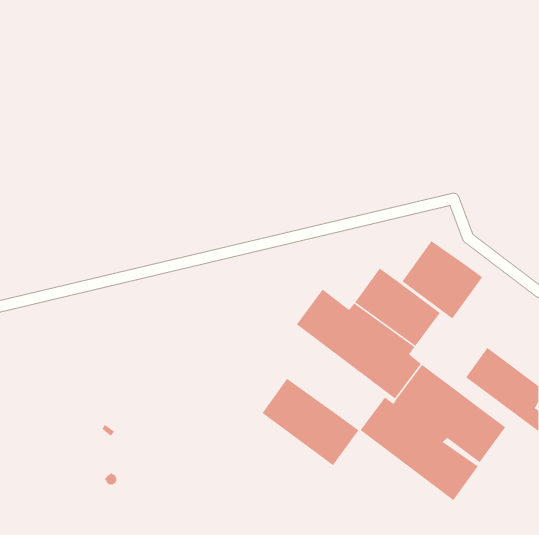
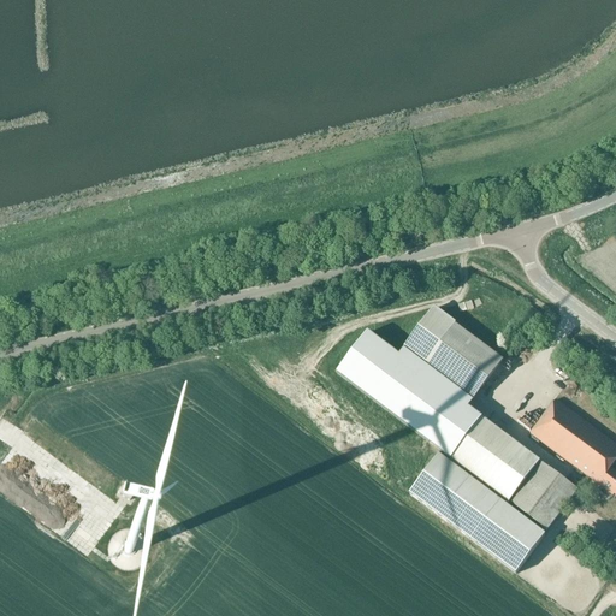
building: [401,240,483,319] -> none
building: [262,378,359,466] -> none

